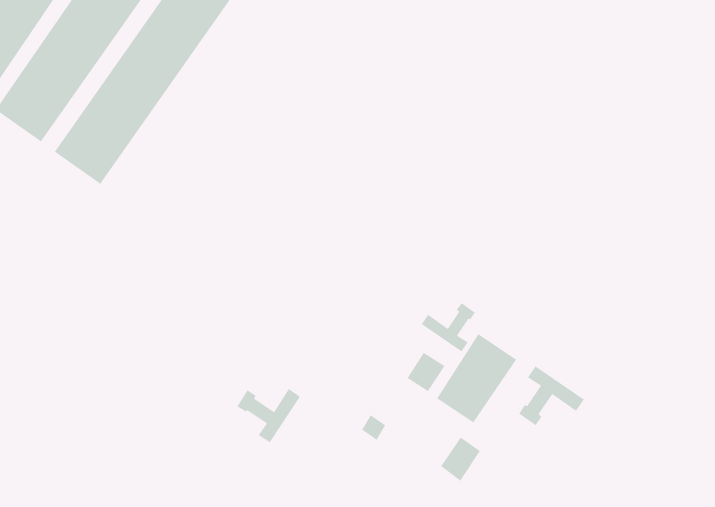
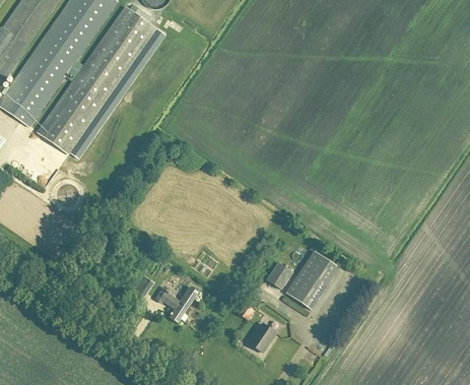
building: [420,302,476,353] -> none
building: [518,365,586,426] -> none
building: [440,437,481,482] -> [249,323,275,352]

